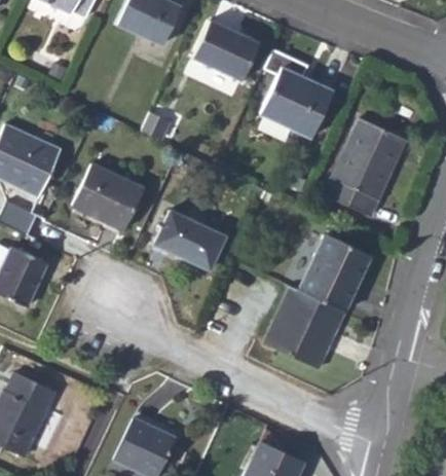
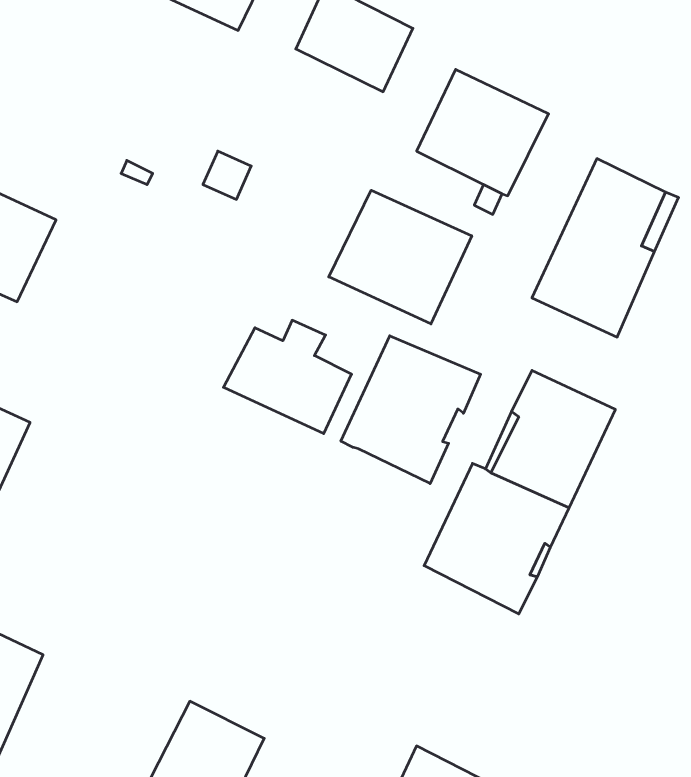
building: none -> [329,190,472,324]
building: [74,164,144,230] -> none
building: none -> [341,336,481,484]

